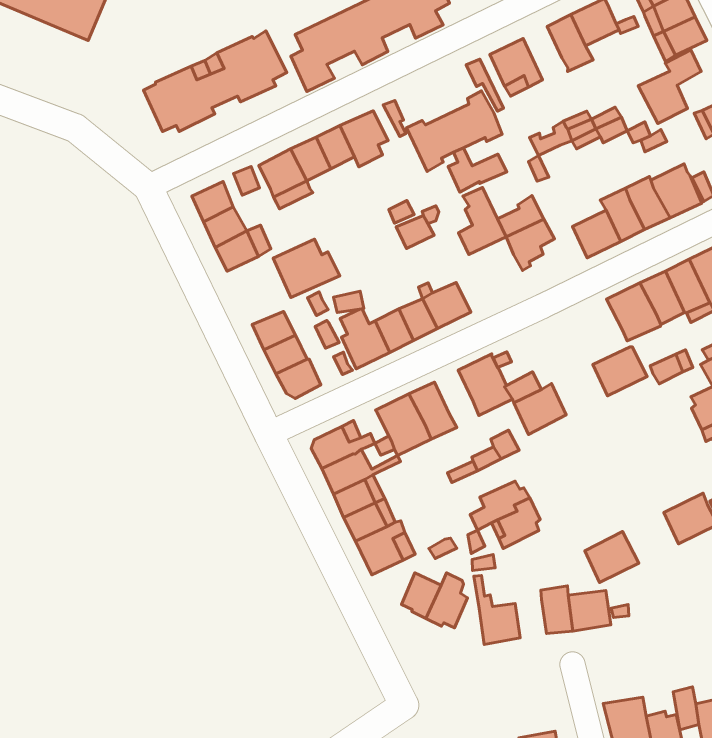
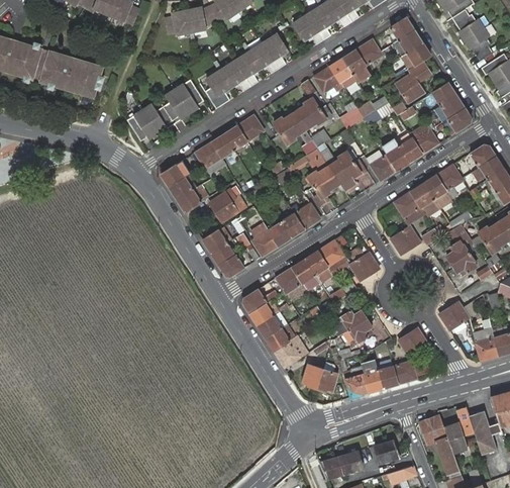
building: none -> [330,58,356,87]
building: none -> [313,175,339,207]
building: none -> [305,251,332,282]
building: none -> [361,360,383,392]

